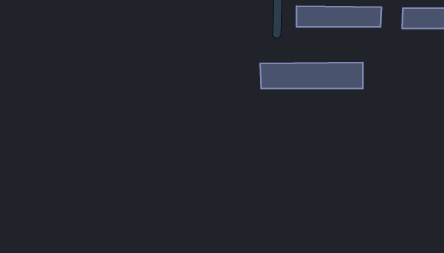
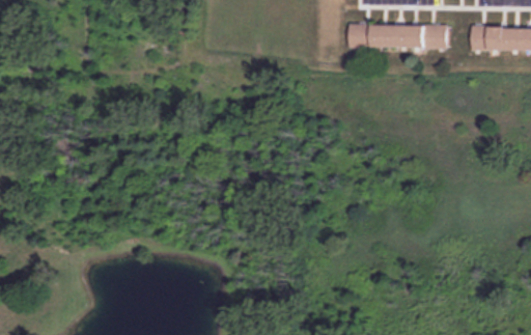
building: [260,63,363,88] -> none

